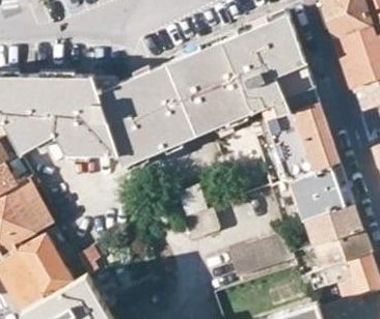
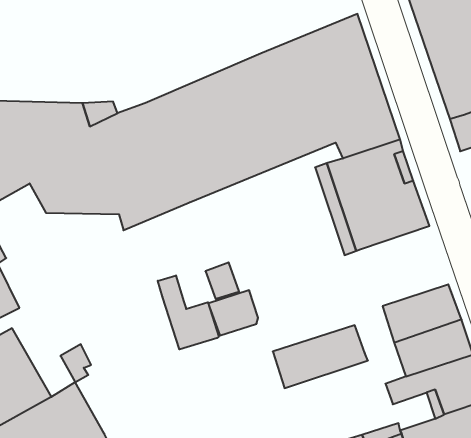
building: [291,164,353,222] -> none
building: none -> [158,275,219,349]

